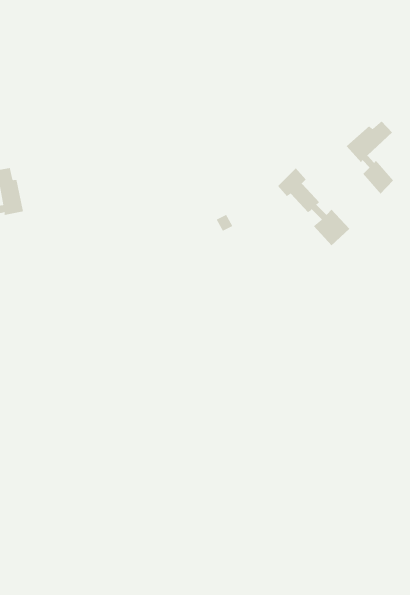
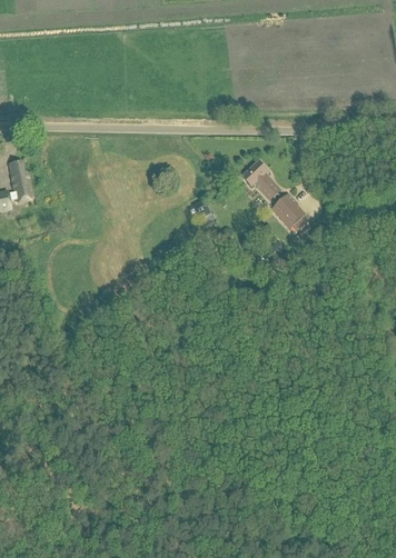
building: [346,121,394,195] -> none

